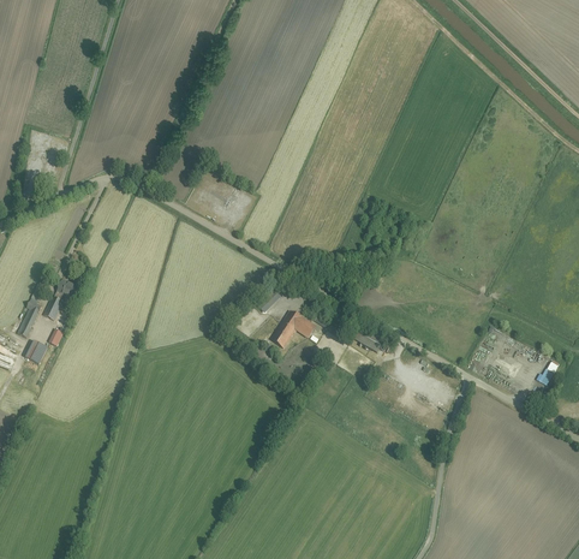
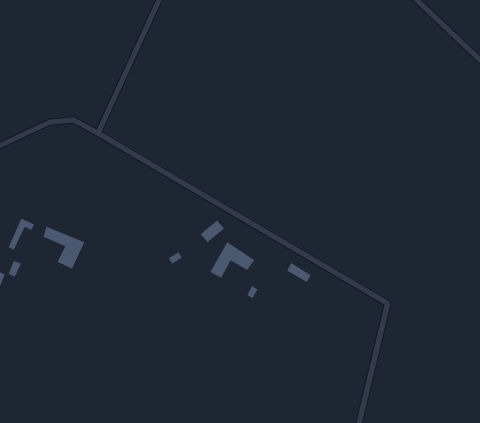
building: none -> [43,226,85,270]

